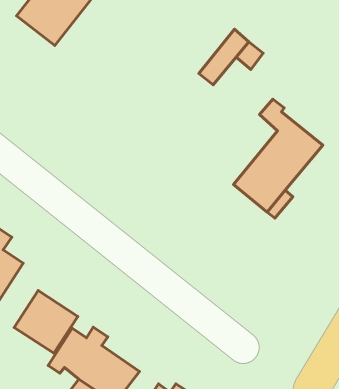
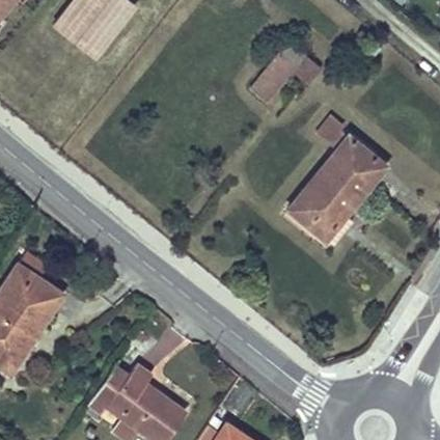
building: [14,291,78,353] -> none

